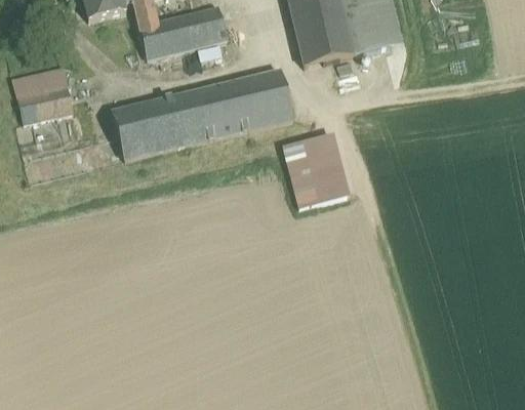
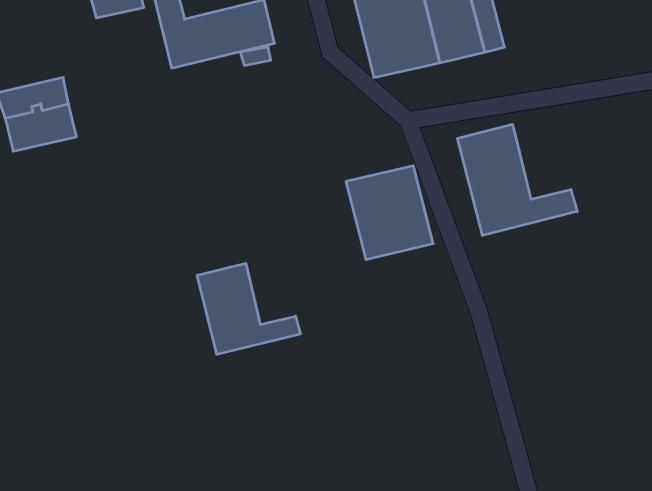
building: [111,69,292,159] -> none
building: none -> [458,124,577,235]
building: none -> [197,263,300,354]

